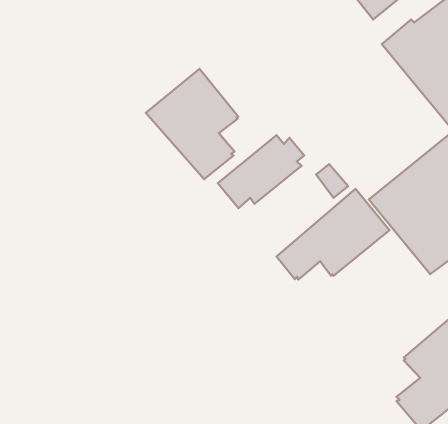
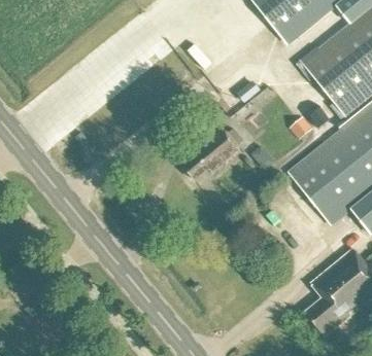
building: [146,69,238,179] -> none
building: [277,189,389,279] -> none

